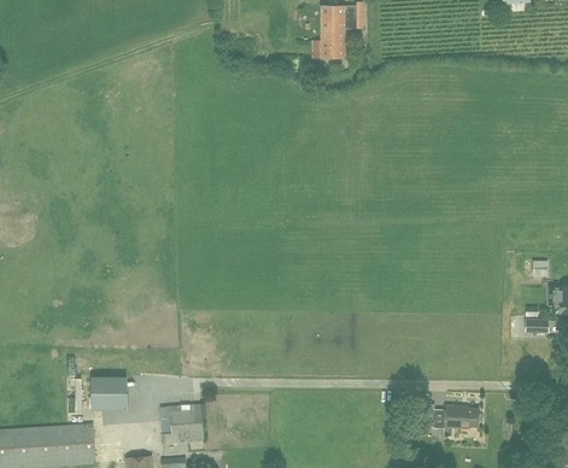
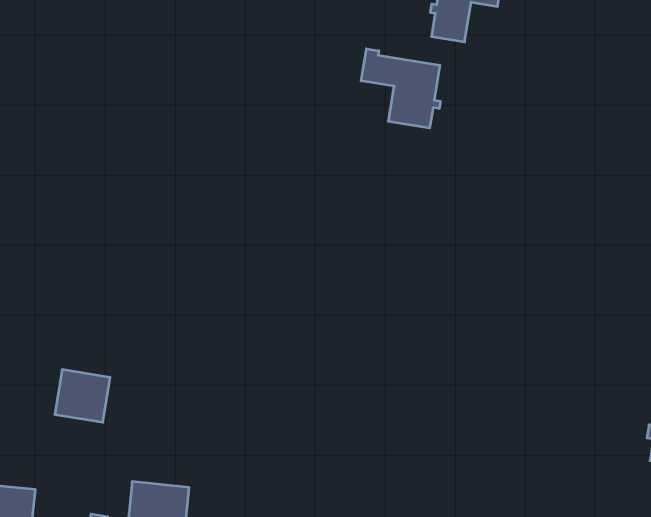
building: none -> [361,49,440,128]
building: [92,376,127,409] -> [55,370,110,422]

